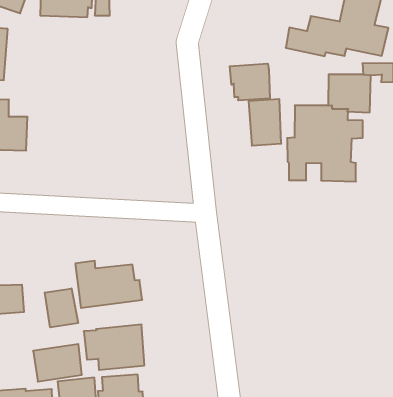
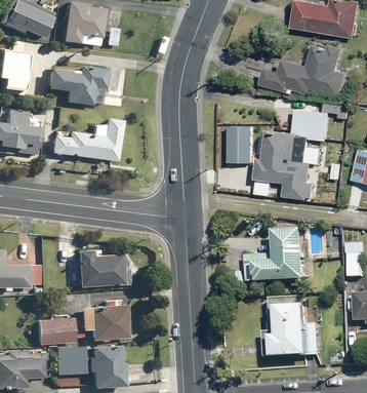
building: none -> [46,68,105,105]
building: [230,64,270,100] -> none
building: none -> [49,119,120,161]
building: none -> [244,230,303,284]
building: [45,288,78,327] -> none
building: none -> [262,298,319,359]

